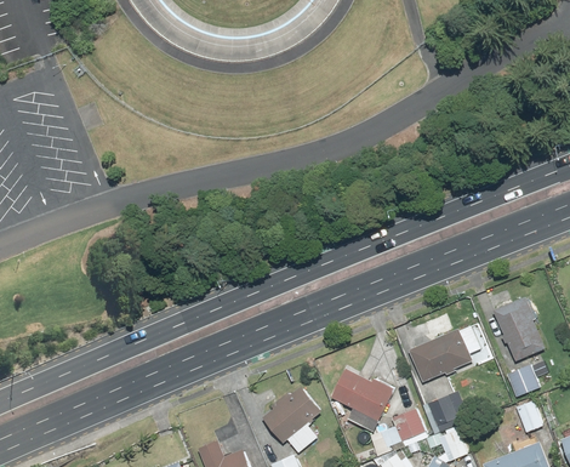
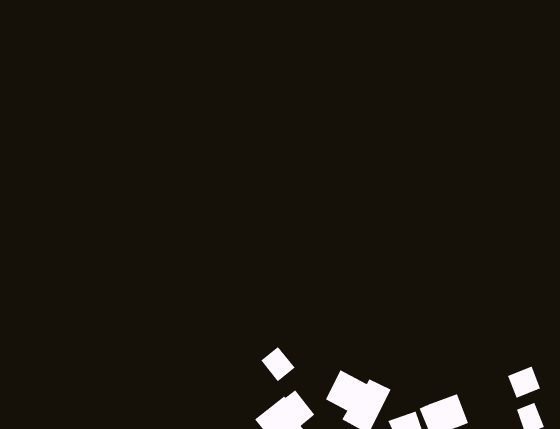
building: [494,296,545,360] -> none
building: [411,329,472,381] -> none
building: none -> [260,346,295,382]

